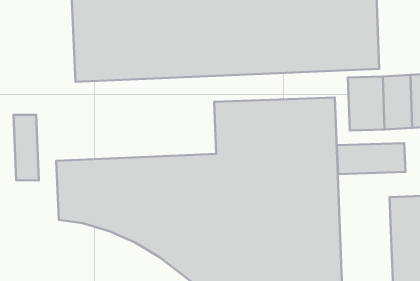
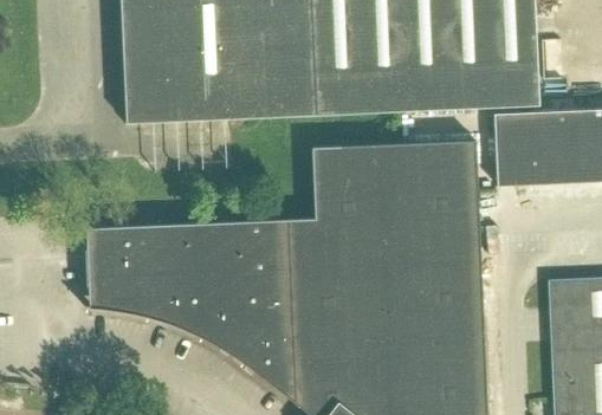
building: [14,115,39,180] -> none
building: [337,143,405,174] -> none

